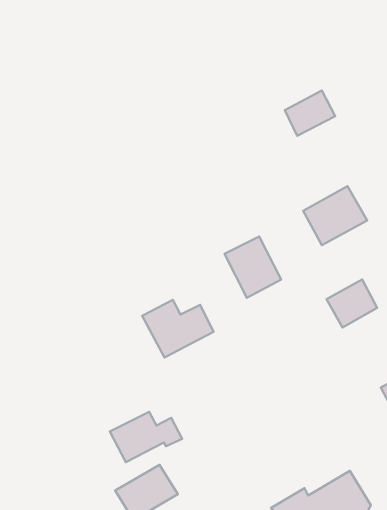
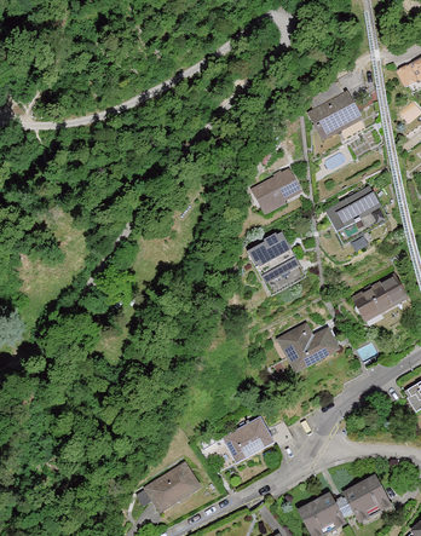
building: none -> [249,168,302,217]
building: [142,300,214,358] -> [275,323,345,380]
building: [110,412,182,462] -> [221,416,293,466]

